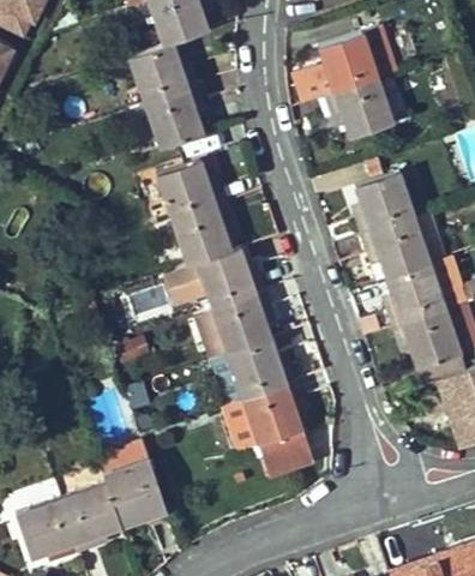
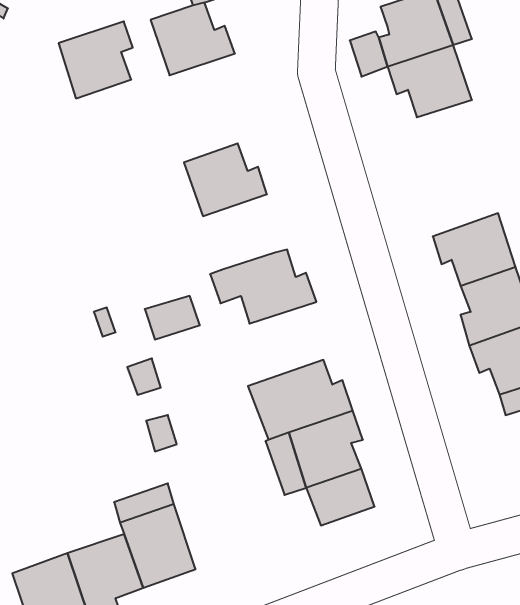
building: [145,86,206,150] -> [59,21,133,98]
building: [354,173,416,238] -> none
building: [173,203,234,265] -> none
building: [194,292,275,361] -> none

